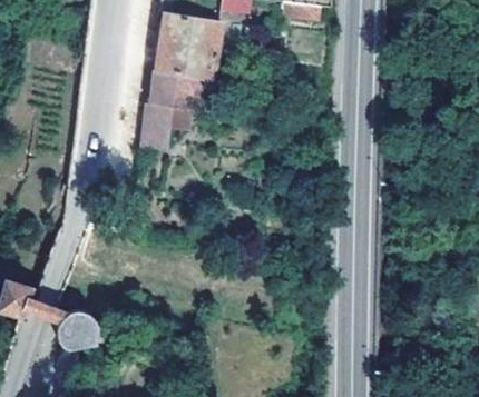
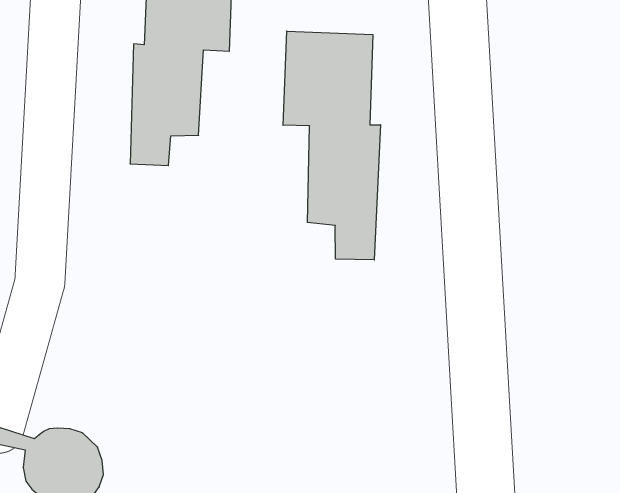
building: none -> [283,31,380,260]

